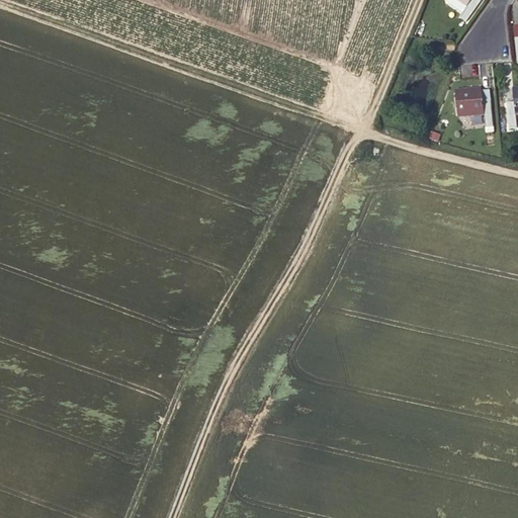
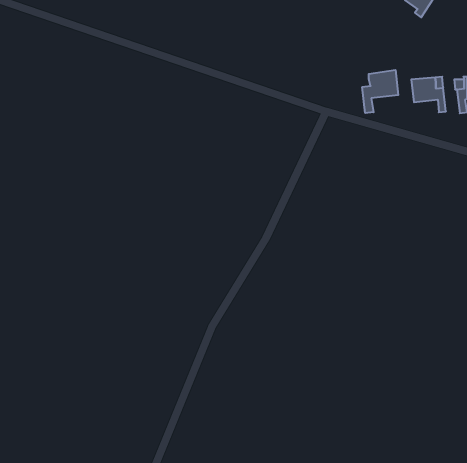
building: none -> [362,70,398,113]

